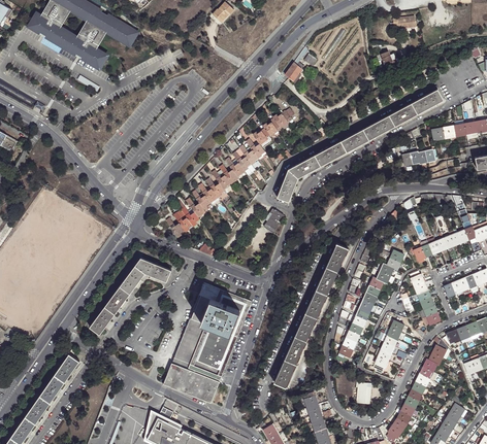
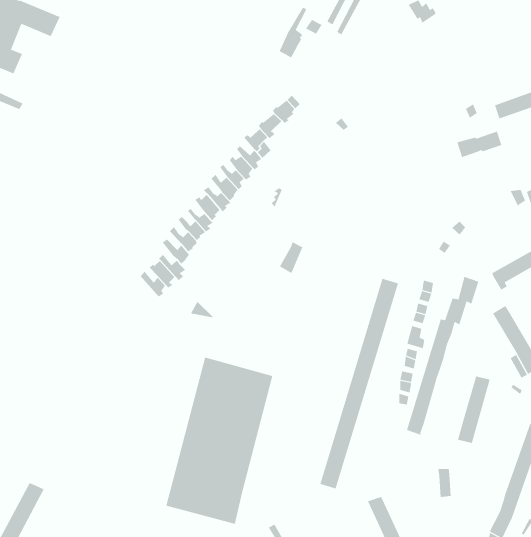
building: [278,89,443,201] -> none
building: [90,258,171,334] -> none

